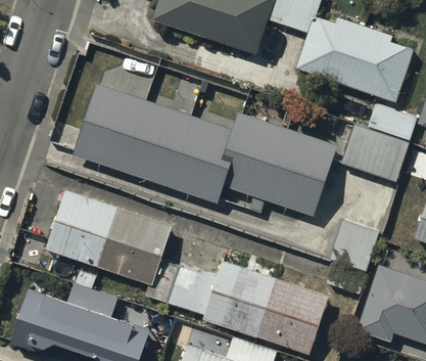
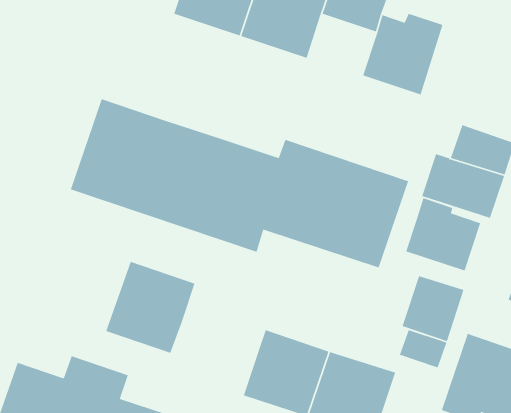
building: [345,26,411,97] -> none
building: none -> [405,197,481,272]
building: [49,192,119,265] -> none
building: [146,258,219,315] -> none

